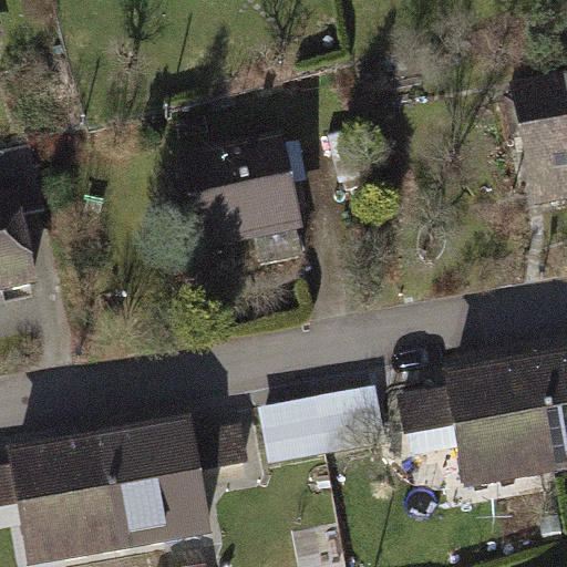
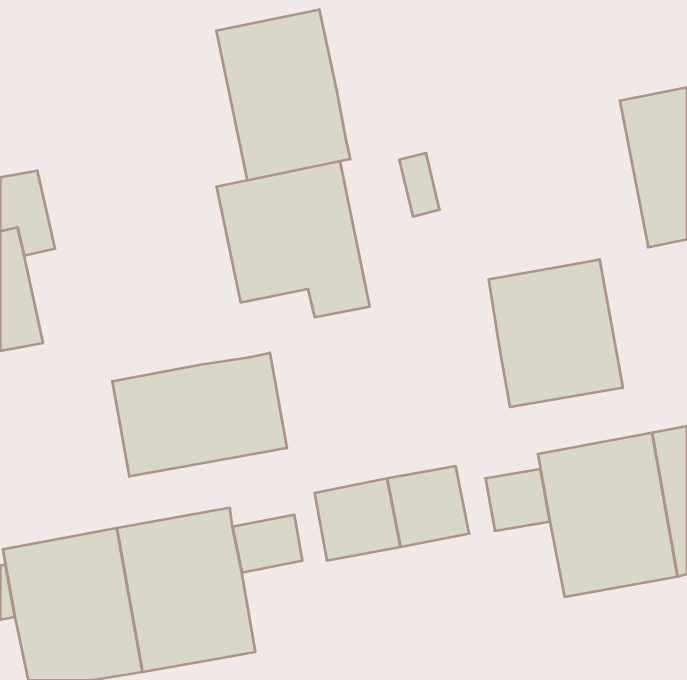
building: none -> [216,9,350,180]
building: none -> [489,259,623,407]
building: none -> [112,353,287,477]

